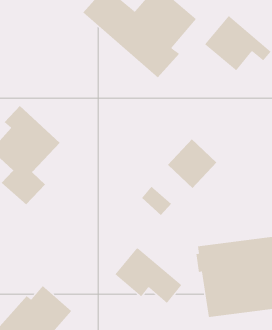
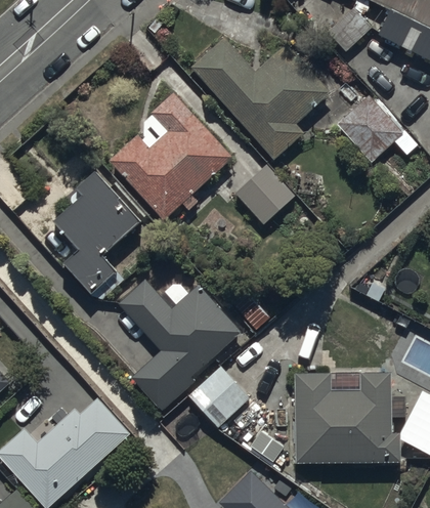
building: none -> [109,92,233,220]
building: [167,139,217,189] -> [234,164,297,226]
building: none -> [117,279,243,412]

